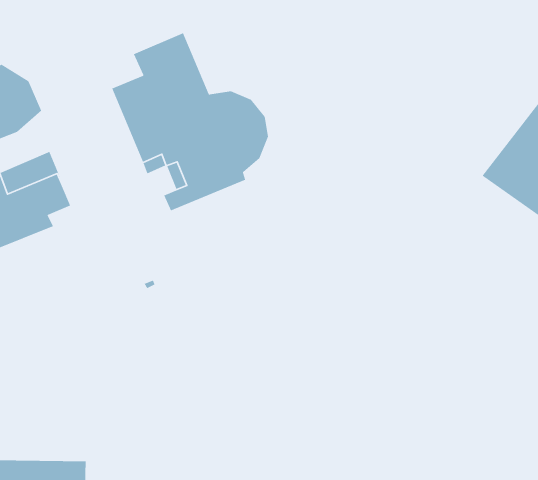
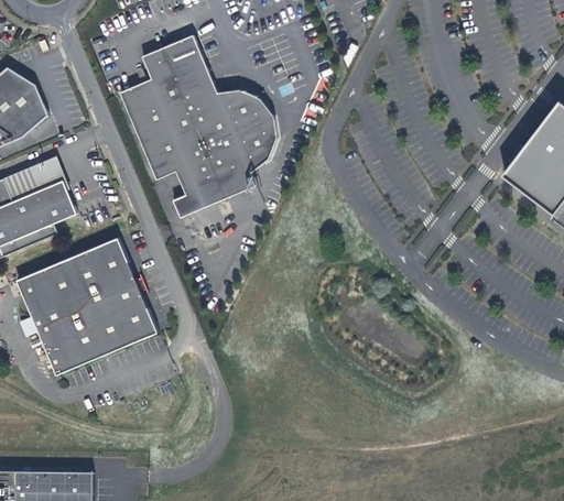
building: none -> [17,237,158,375]

